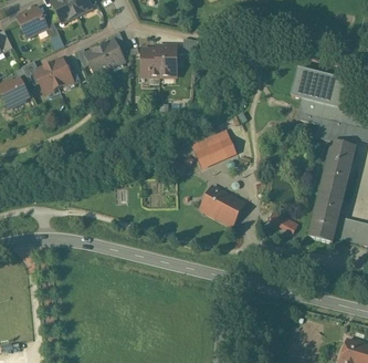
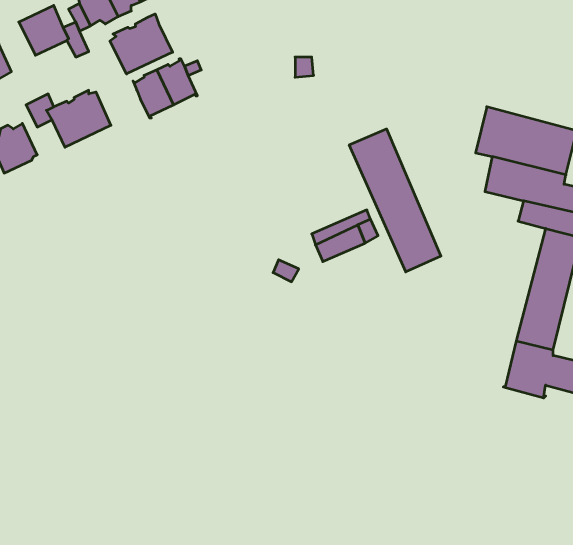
building: none -> [110,14,173,74]
building: [141,44,176,75] -> none
building: none -> [349,129,441,272]
building: [199,185,244,226] -> none

